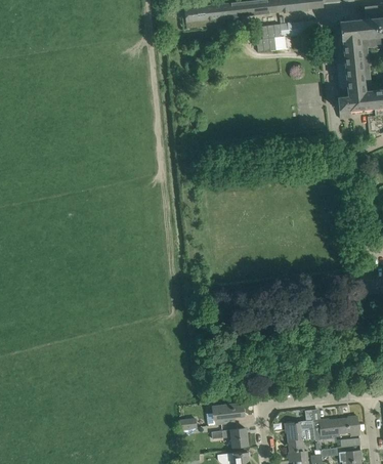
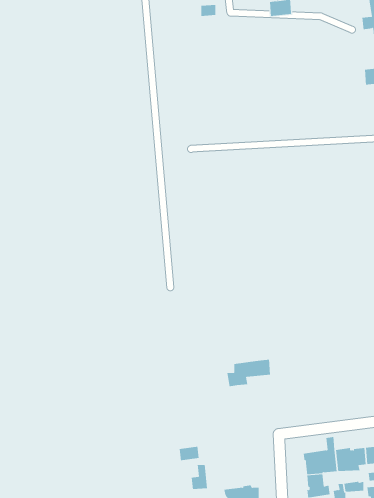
building: [207,403,245,426] -> [226,359,271,387]
building: [212,428,248,447] -> none

